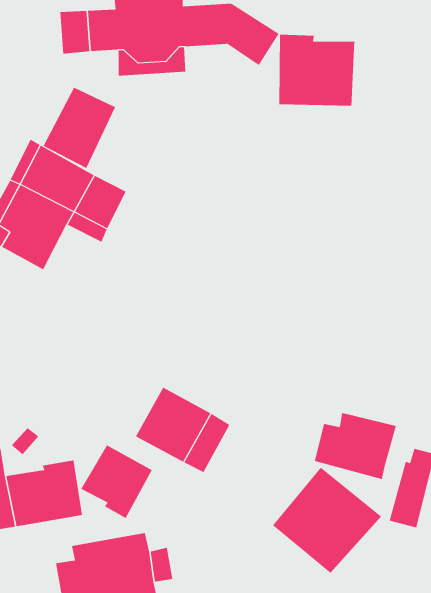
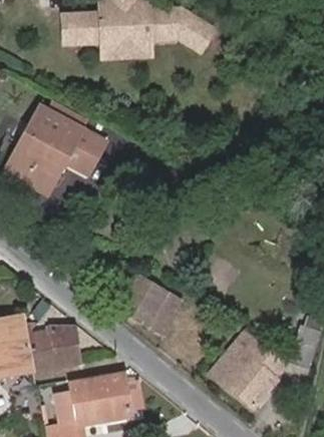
building: [279,34,355,106] -> none
building: [43,87,116,169] -> none
building: [314,412,396,480] -> none
building: [81,444,152,519] -> none

